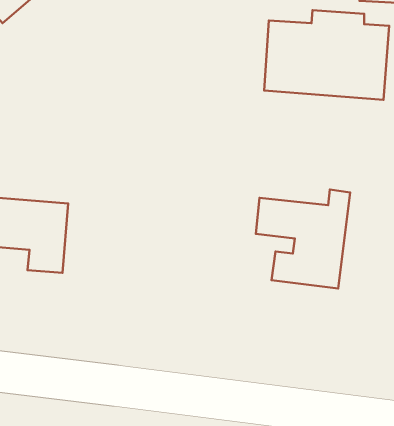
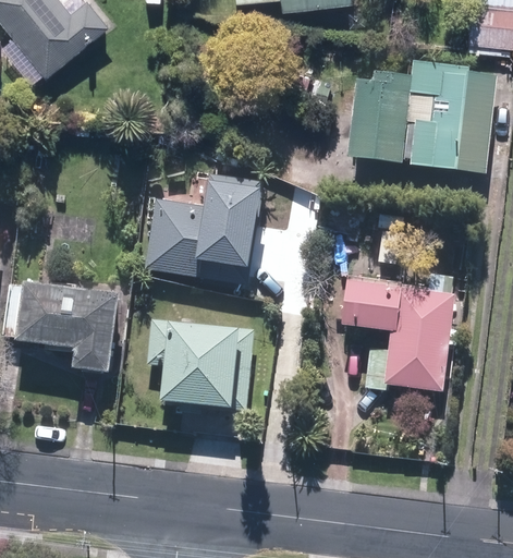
building: none -> [146,178,261,276]
building: none -> [145,320,249,410]

